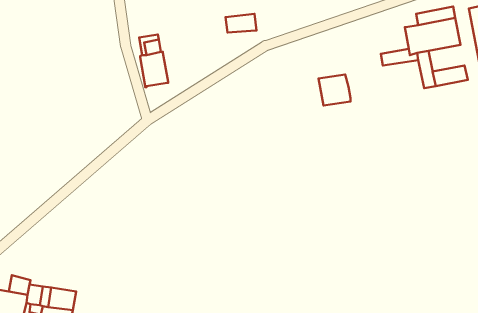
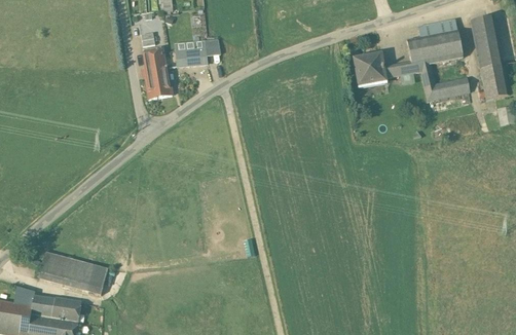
building: [225,14,256,33] -> [176,46,207,65]
building: [318,75,350,106] -> [354,53,385,84]
building: none -> [38,251,108,294]

